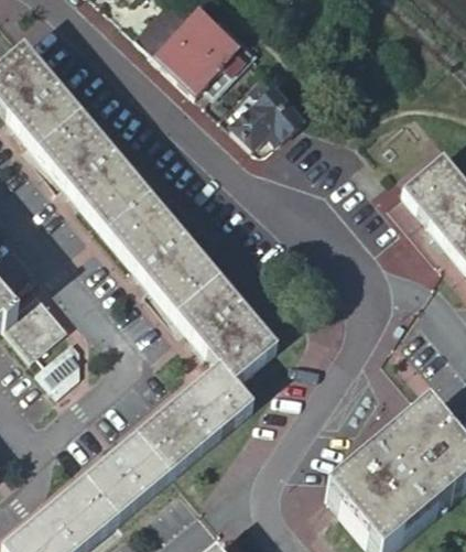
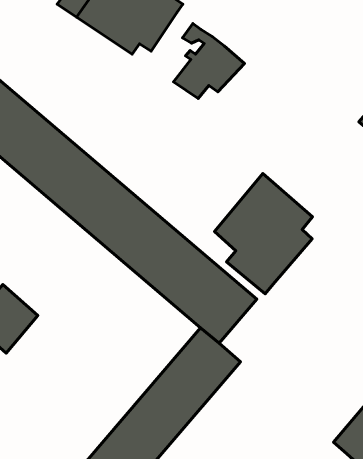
building: none -> [215,173,313,294]

